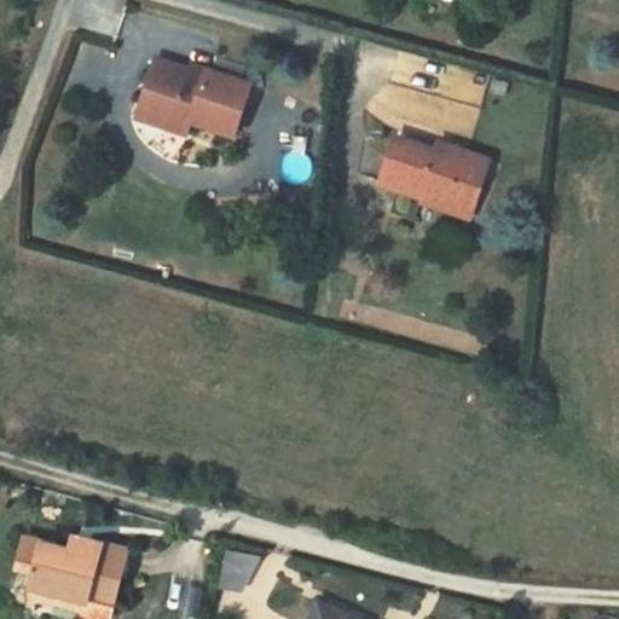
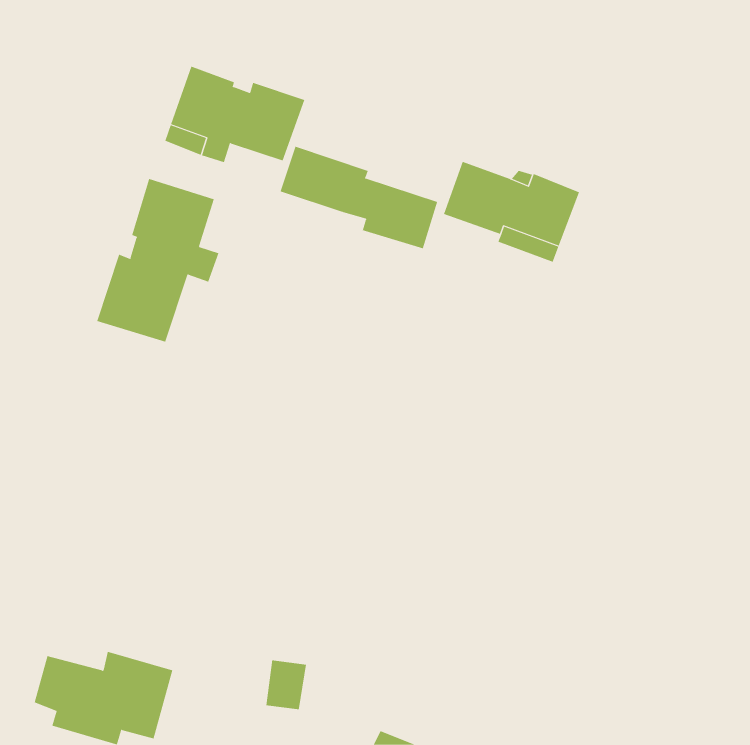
building: none -> [280,146,438,249]
building: none -> [96,178,219,343]

